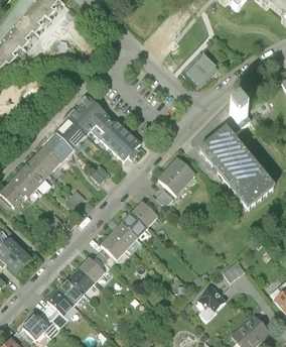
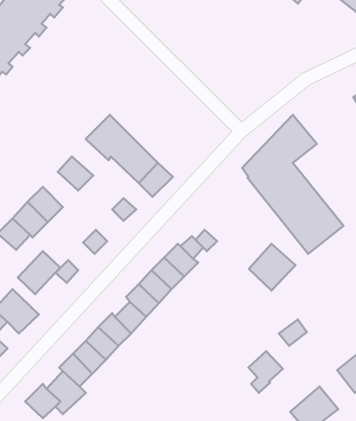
building: [181,50,219,87] -> none
building: [58,117,88,145] -> none
building: [35,142,63,170] -> none
building: [159,157,196,195] -> [249,244,296,290]
building: none -> [18,251,60,294]

